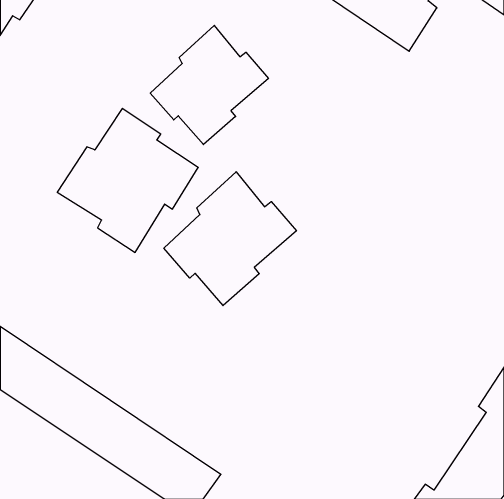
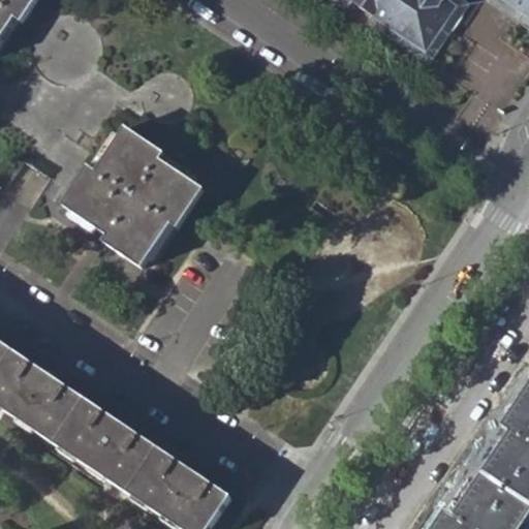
building: [150,25,268,145] -> none
building: [164,172,296,306] -> none

